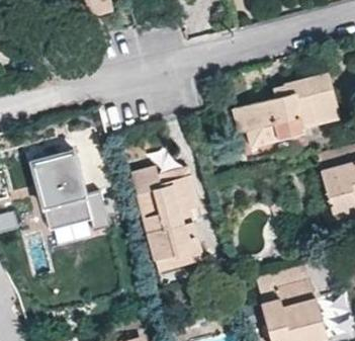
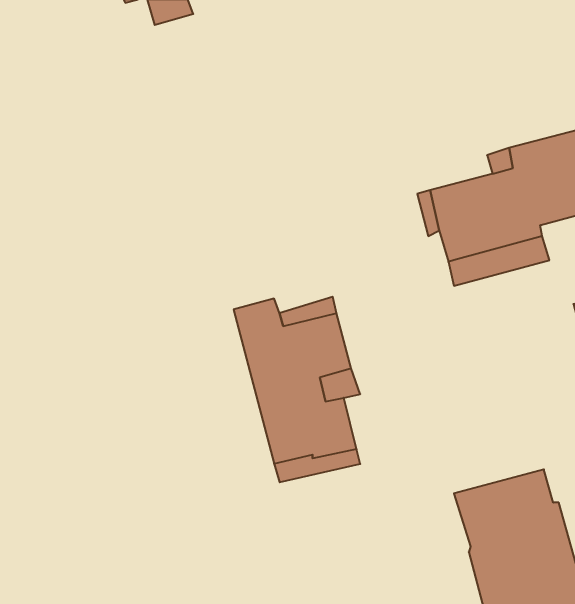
building: [27,150,106,236] -> none

